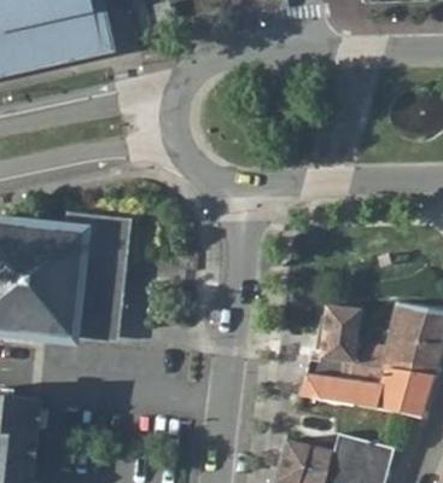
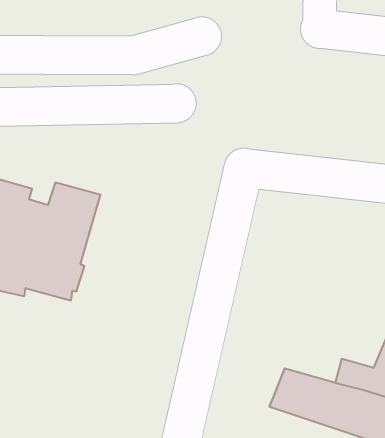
building: [320,305,362,366] -> none

